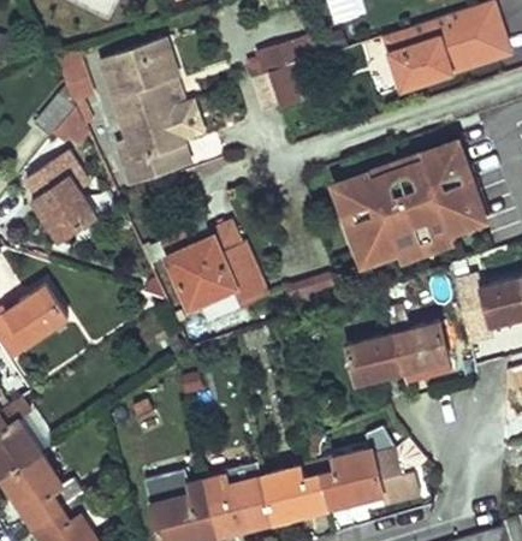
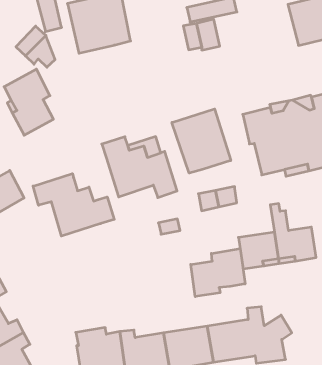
building: [115,103,202,185] -> none
building: none -> [172,109,231,173]
building: none -> [33,174,114,236]
building: none -> [191,249,245,297]

